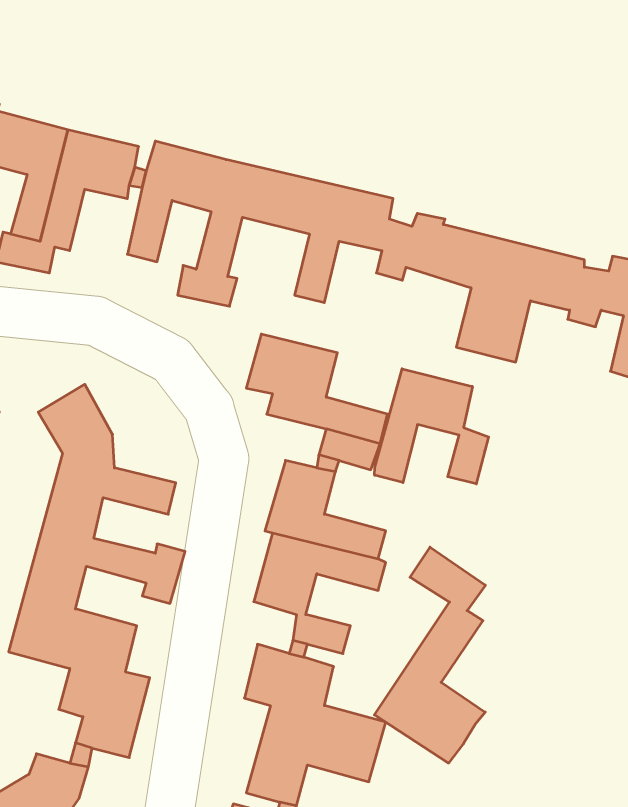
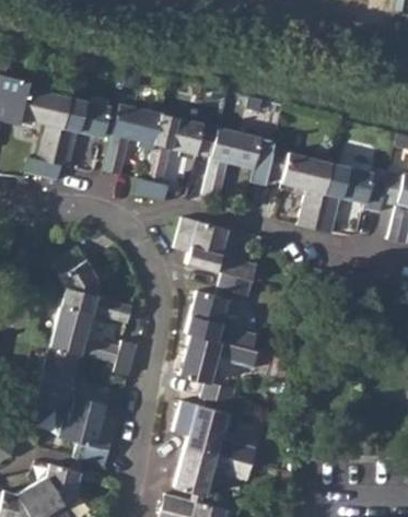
building: [375,369,489,484] -> none
building: [374,547,485,763] -> none

